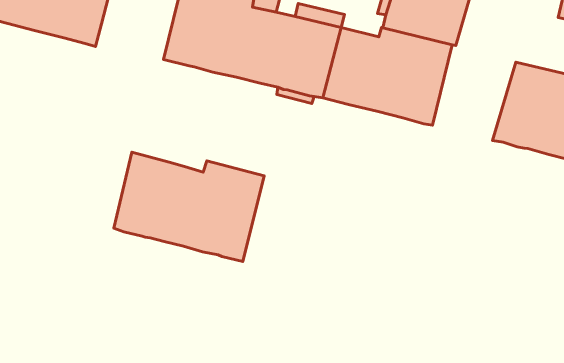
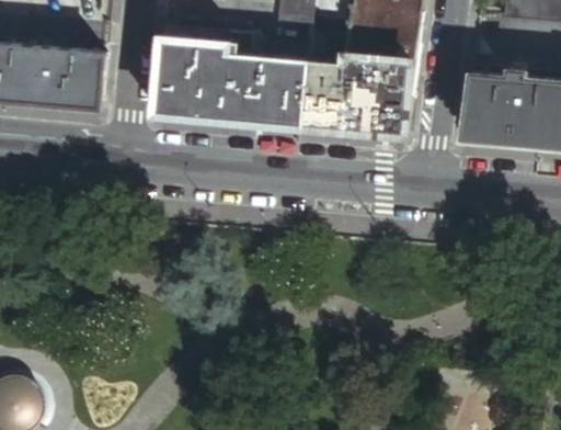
building: [114,152,264,262] -> none

